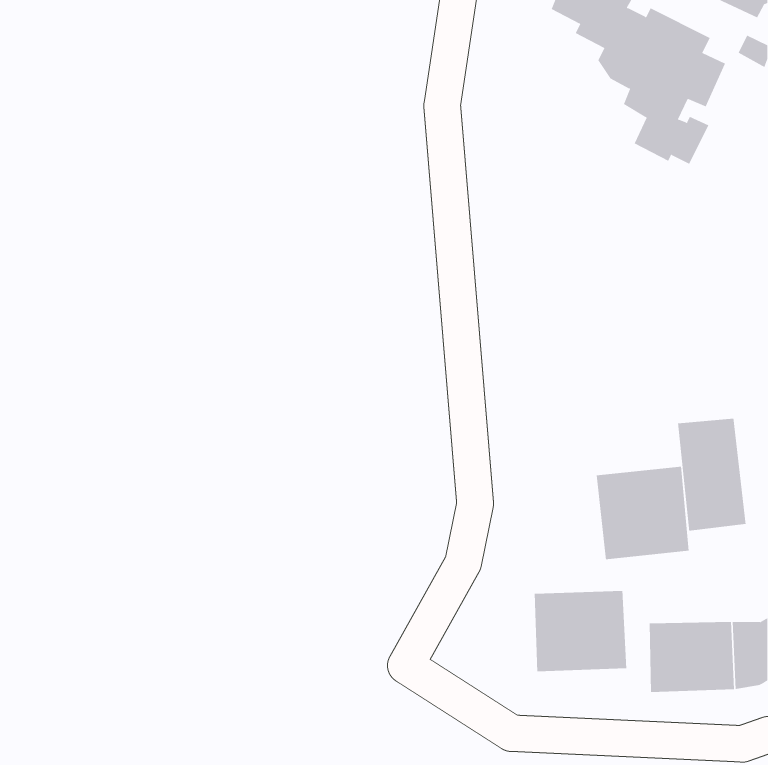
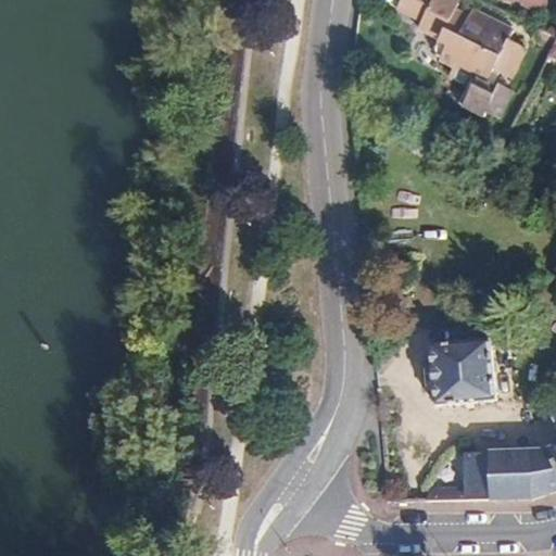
building: [677,418,746,532] -> none
building: [534,590,627,672] -> none

